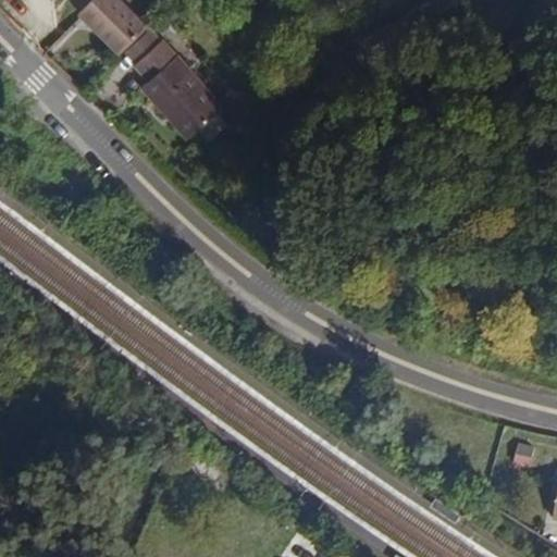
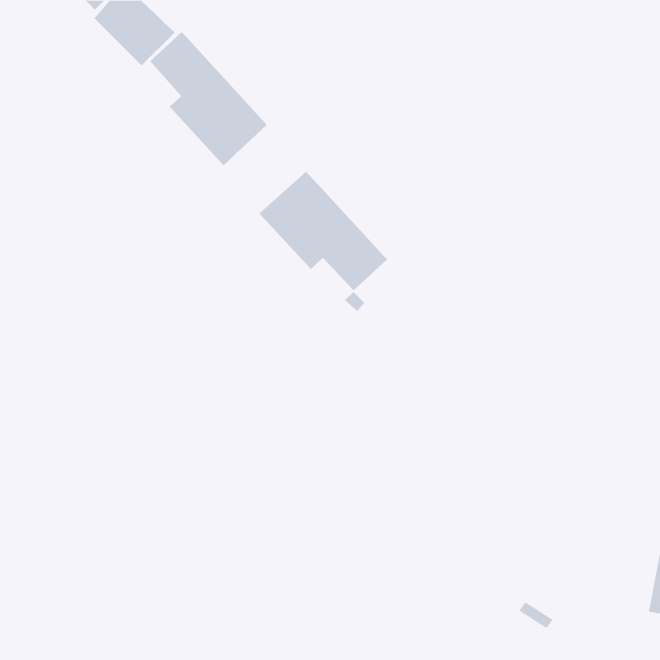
building: none -> [259,171,388,291]

